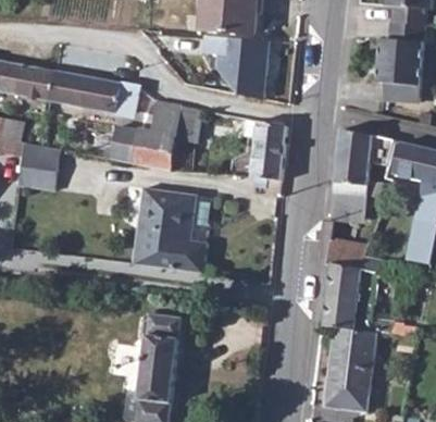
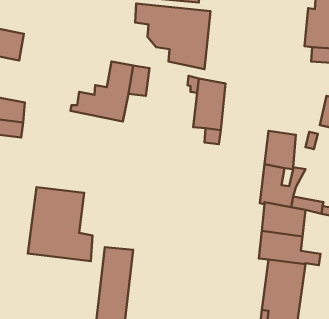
building: [49,70,137,113] -> none
building: [334,127,393,185] -> none
building: [129,188,203,273] -> [28,187,93,261]

